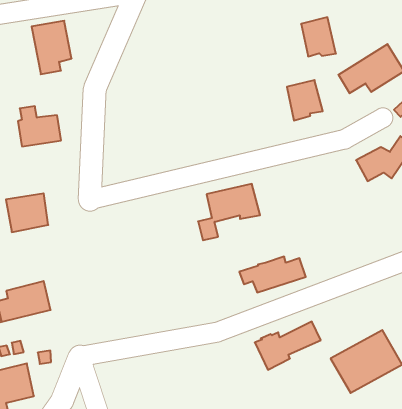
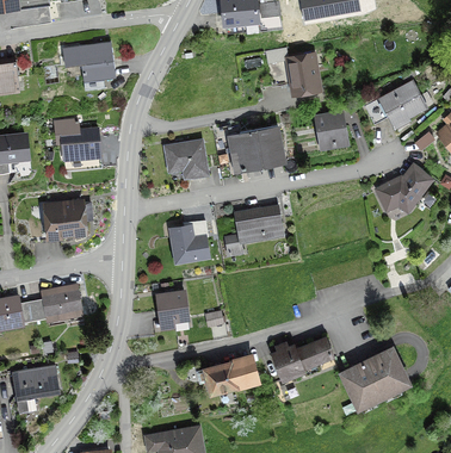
building: [301,17,336,56] -> [288,54,319,89]
building: none -> [227,124,284,169]
building: none -> [163,138,208,176]
building: none -> [171,219,208,257]
building: [239,257,306,292] -> [196,359,258,391]
building: none -> [157,288,187,327]

